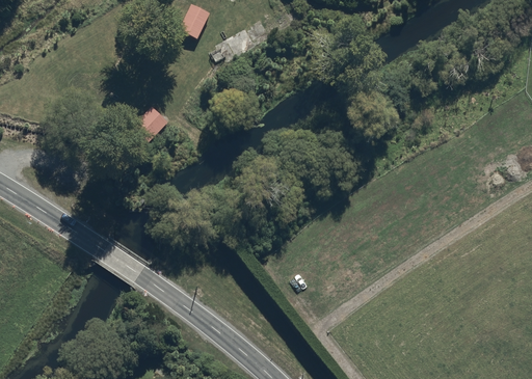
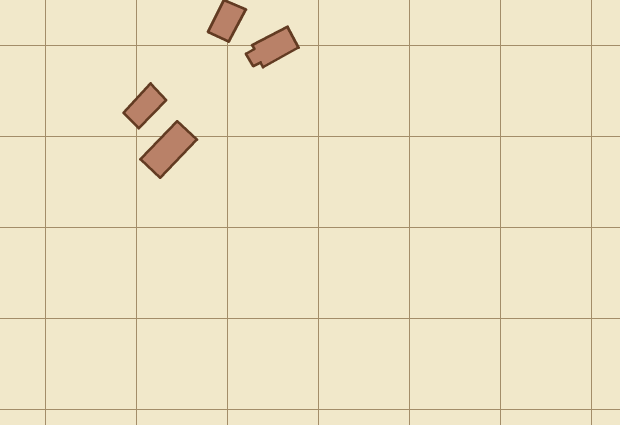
building: none -> [124,83,166,128]

